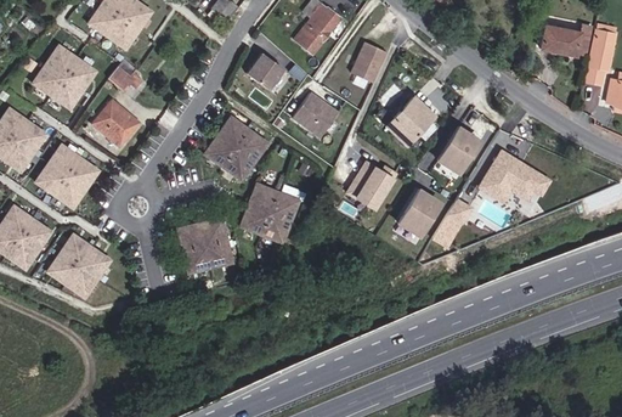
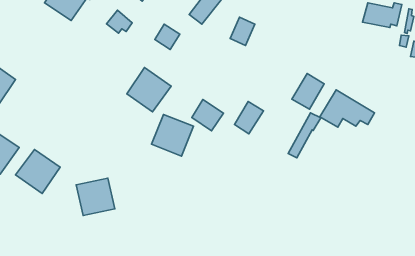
building: [33,44,96,107] -> none
building: [107,58,143,91] -> [106,10,132,33]
building: [293,90,338,135] -> [192,99,223,131]
building: [392,92,440,140] -> none
building: [92,100,137,145] -> none
building: [35,143,98,207] -> none
building: [400,187,446,237] -> none
building: [176,218,231,271] -> [76,178,115,216]

